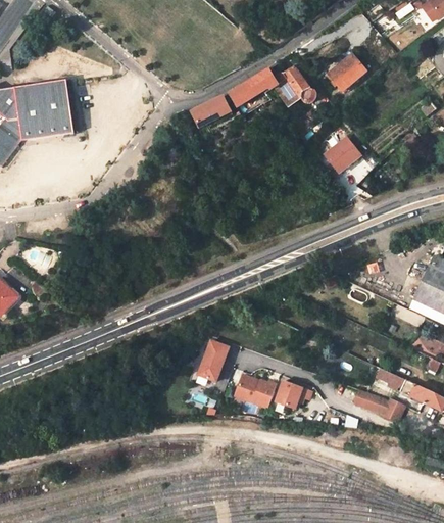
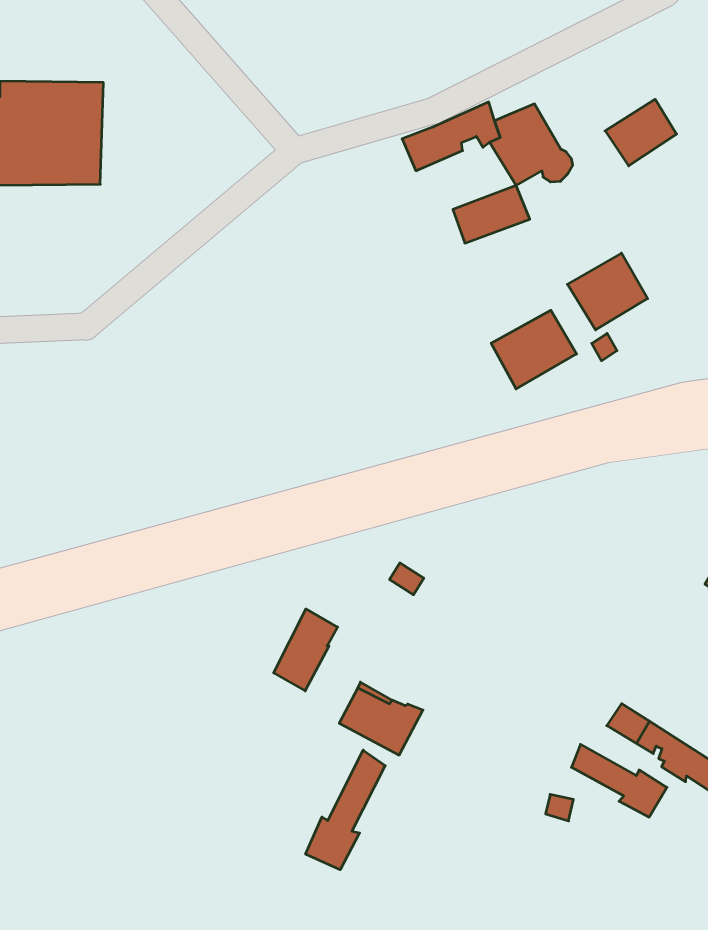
building: [191,94,231,127] -> [453,186,530,243]
building: none -> [491,310,577,389]
building: [275,378,310,406] -> none
building: none -> [306,750,385,870]

